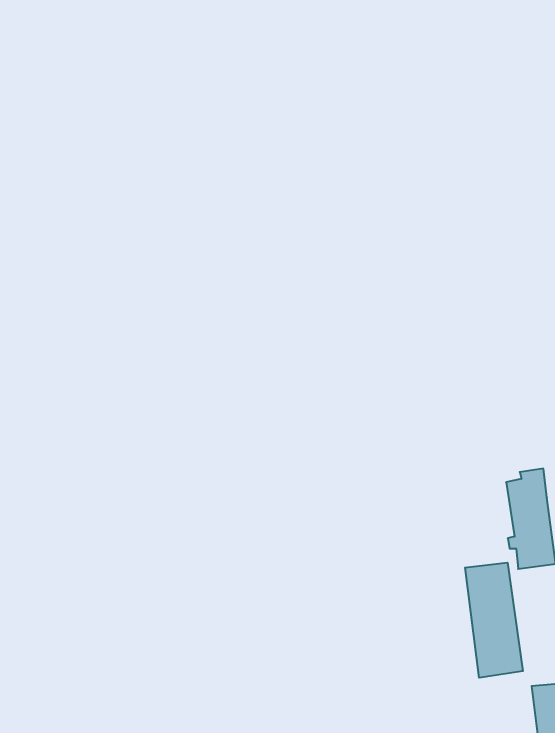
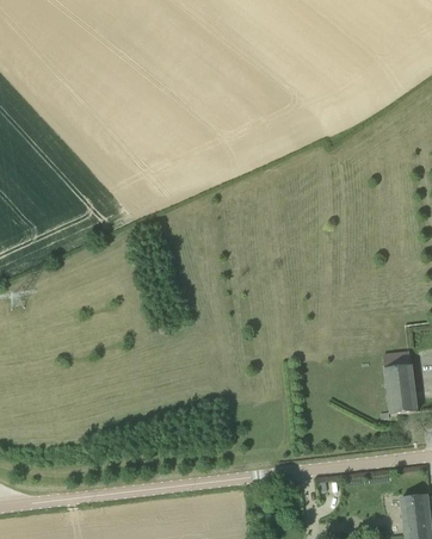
building: [465,563,523,678] -> none

